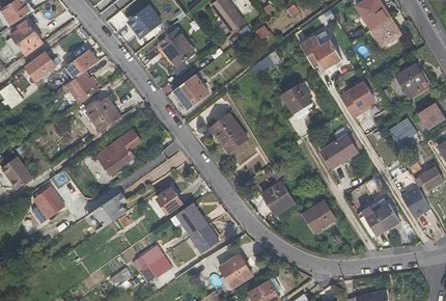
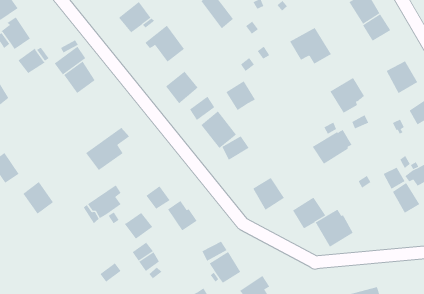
building: [280,81,310,111] -> [226,81,256,111]
building: [86,95,121,130] -> none
building: [361,198,399,237] -> [315,209,353,248]
building: [190,224,219,251] -> [124,212,153,239]

